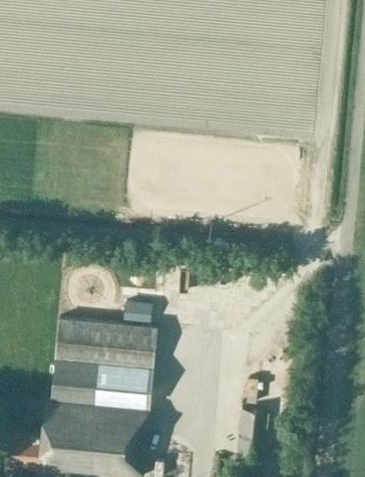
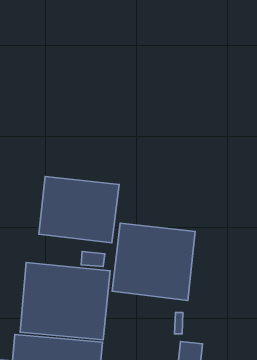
building: none -> [39,177,119,243]
building: none -> [112,223,195,300]

